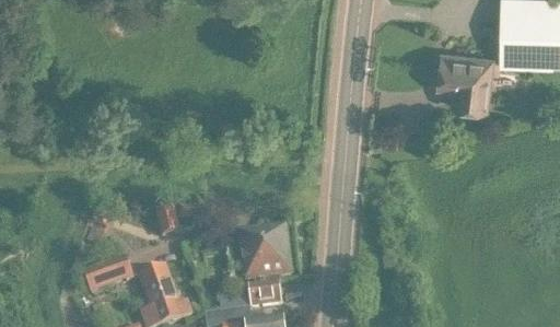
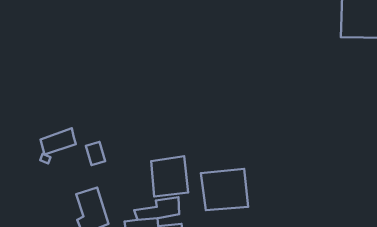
building: [436,48,491,104] -> none
building: none -> [201,169,248,210]
building: [83,254,131,290] -> [41,128,76,155]

